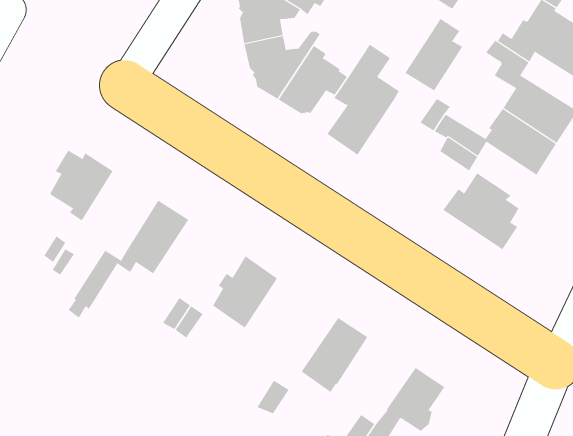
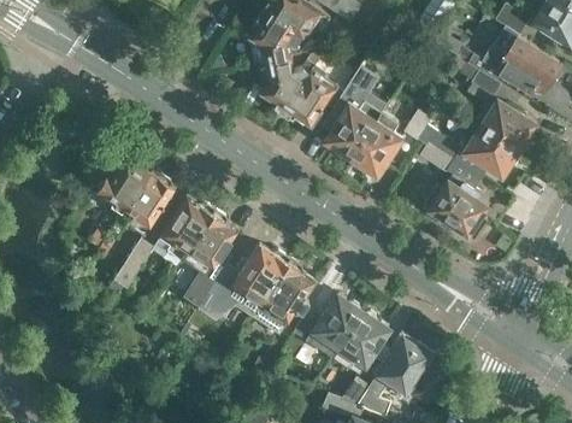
building: [405,18,463,91] -> [353,113,402,175]
building: none -> [120,172,173,235]
building: none -> [181,213,236,271]
building: none -> [250,263,313,335]
building: none -> [336,312,387,374]

